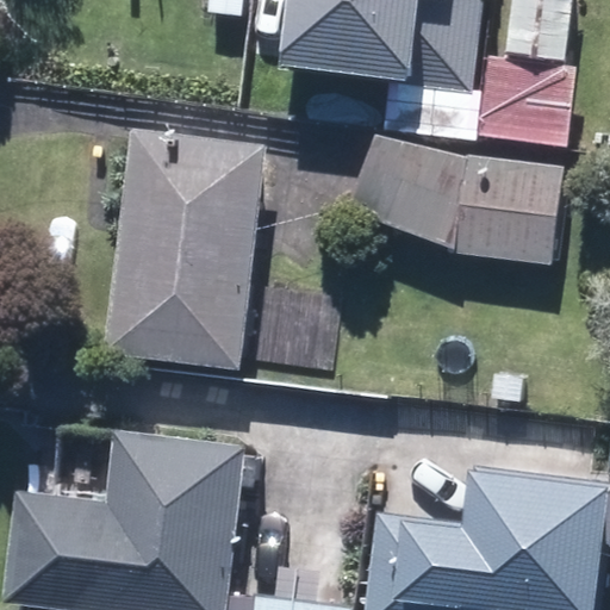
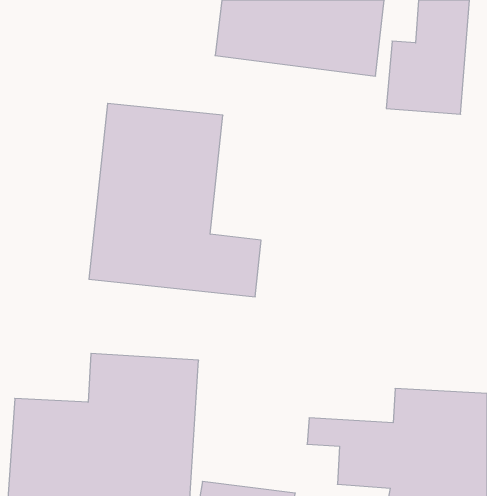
building: [353,133,560,259] -> none

